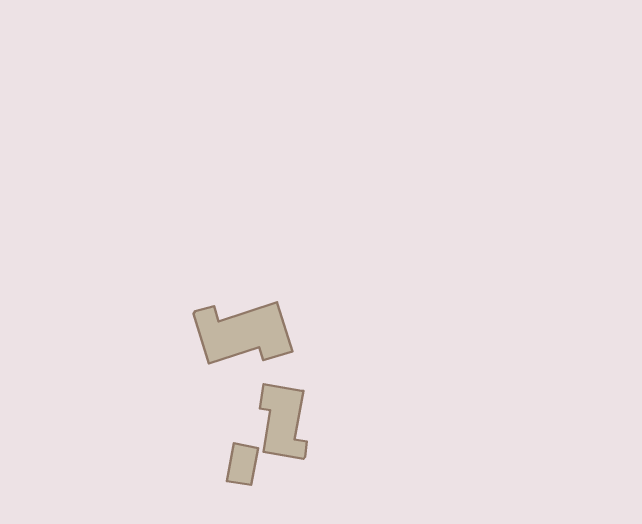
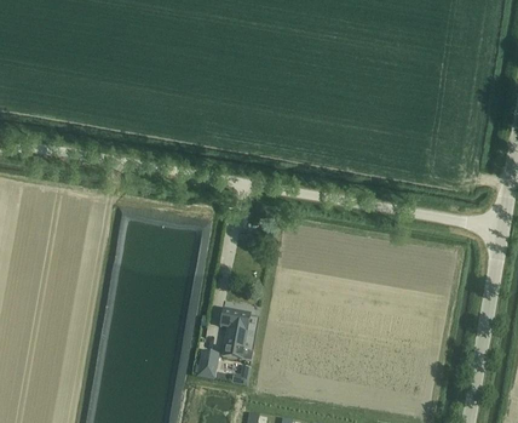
building: [193,302,293,363] -> none

